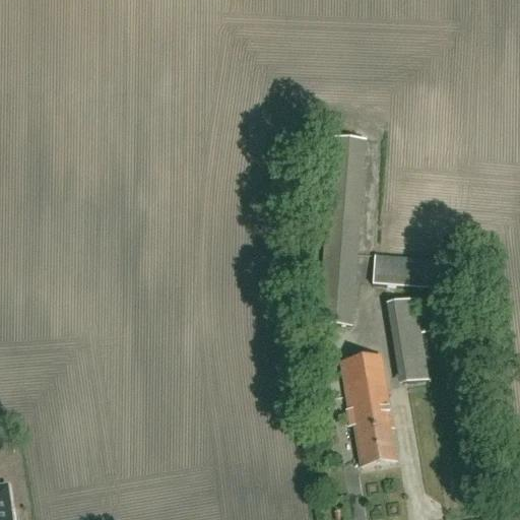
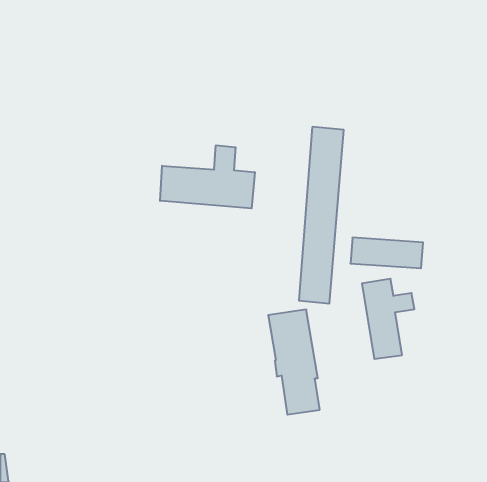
building: none -> [160,145,255,208]
building: [340,352,395,464] -> [268,310,320,415]

